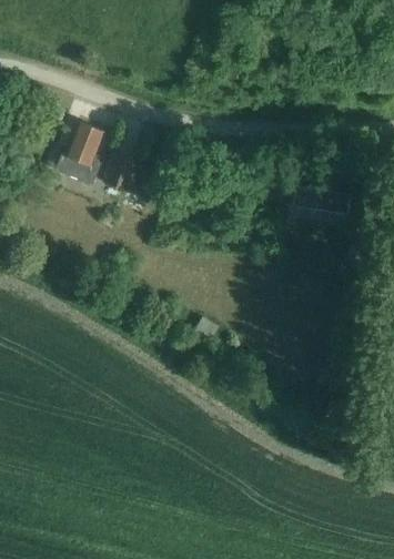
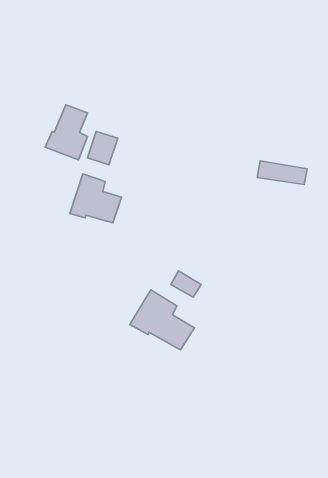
building: none -> [70,174,122,223]
building: none -> [130,290,195,350]

